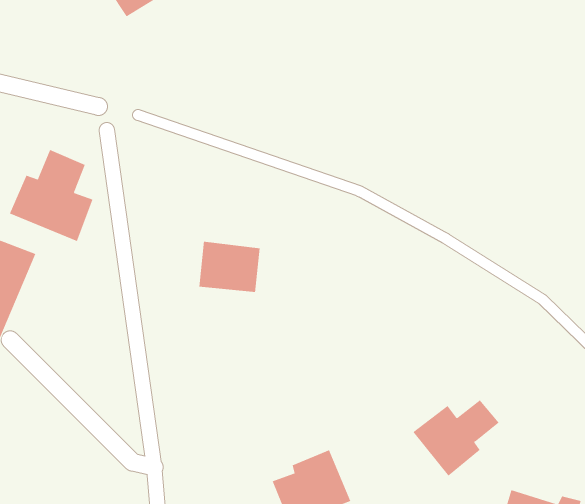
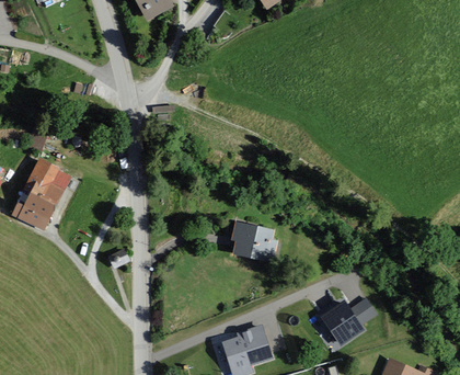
building: [9,149,93,242] -> none
building: [199,241,261,292] -> [233,220,277,258]

